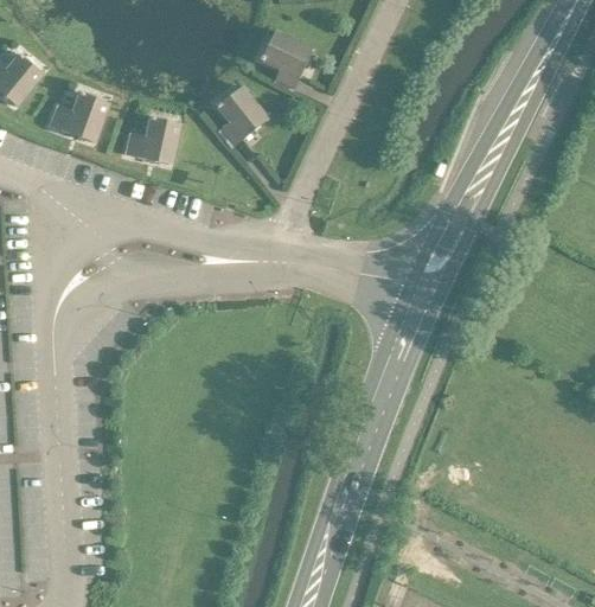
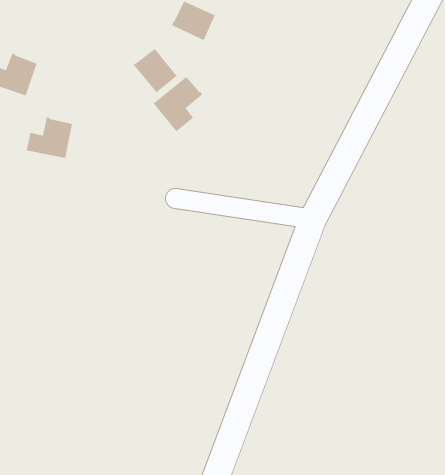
building: [122,115,177,164] -> [26,117,73,159]
building: none -> [153,76,203,132]

